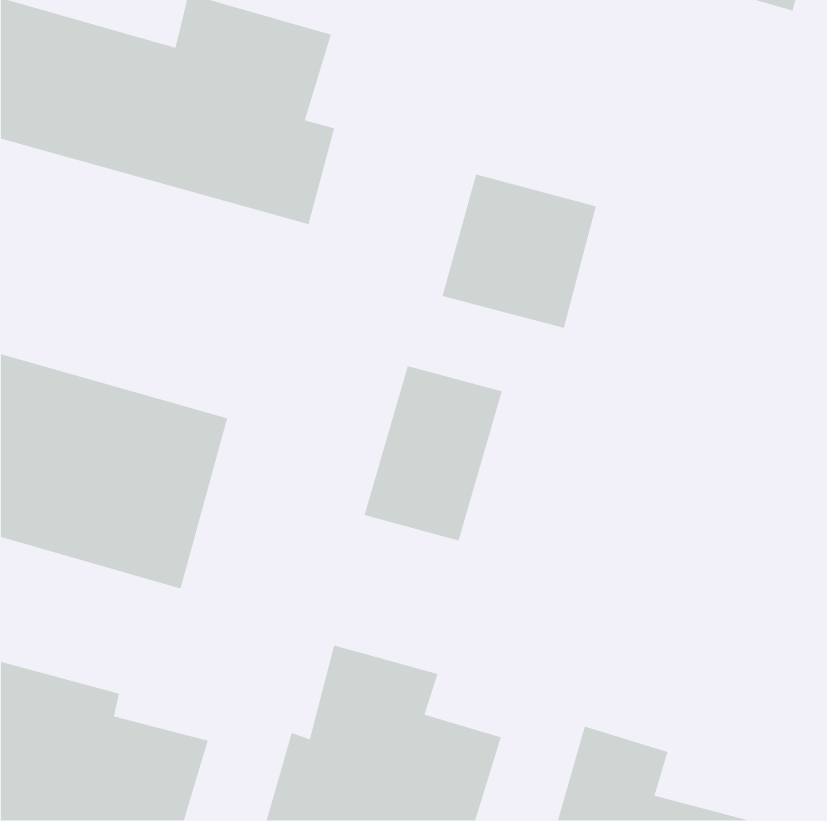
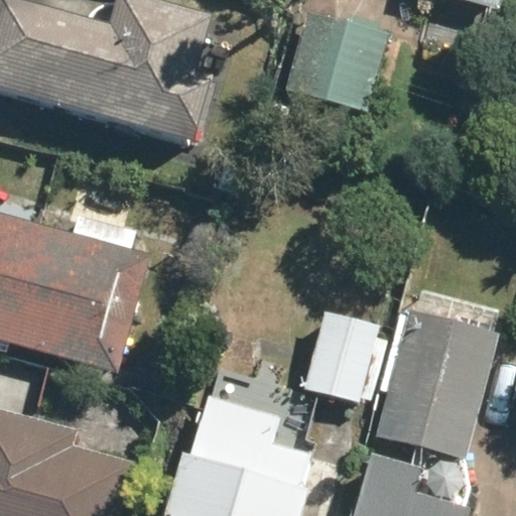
building: [442,173,597,329] -> [287,11,384,108]
building: [364,365,503,542] -> [297,315,384,425]
building: none -> [377,292,496,457]

